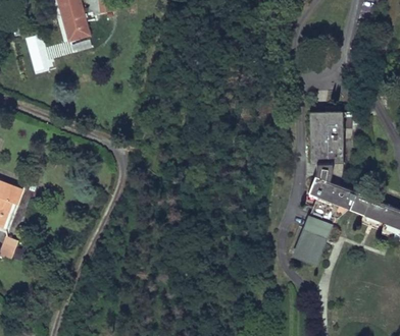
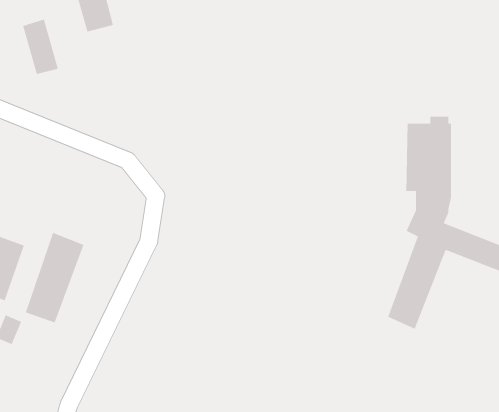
building: none -> [25,232,84,323]

